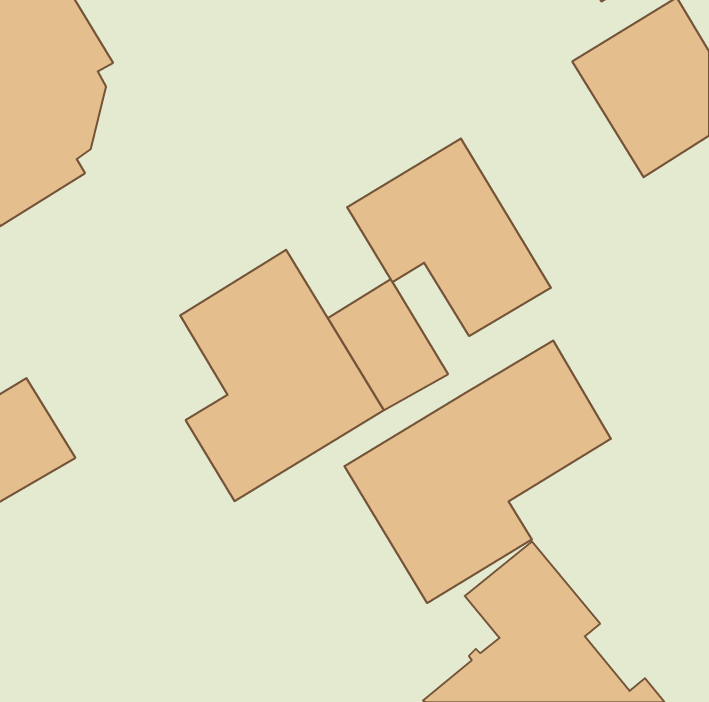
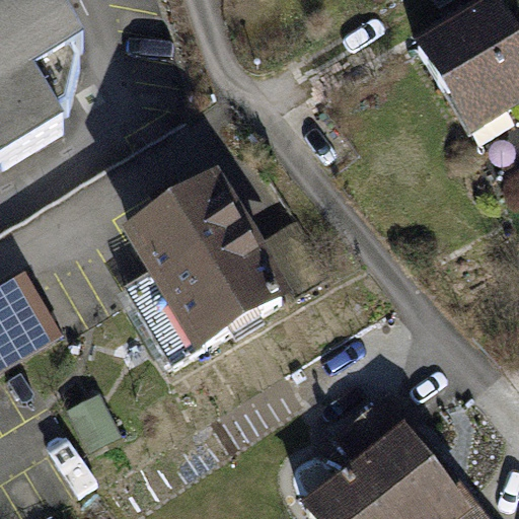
building: [347,138,551,336] -> none
building: [344,340,611,603] -> none

